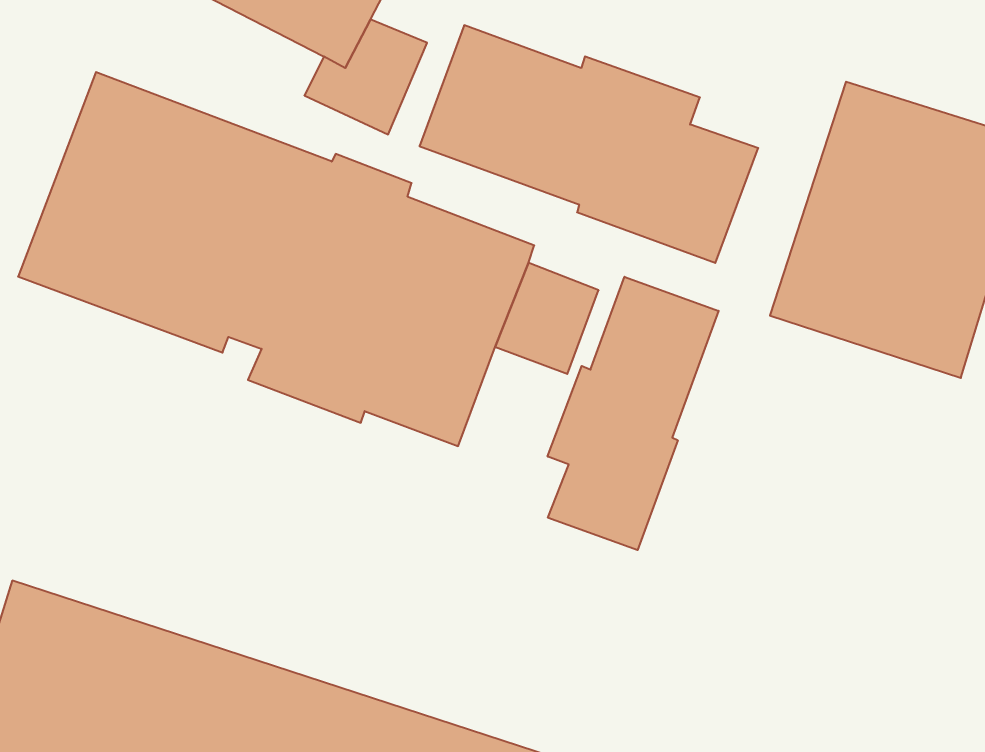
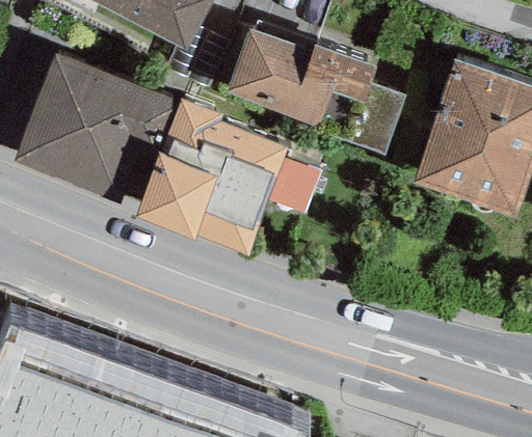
building: [548,277,719,550] -> none

